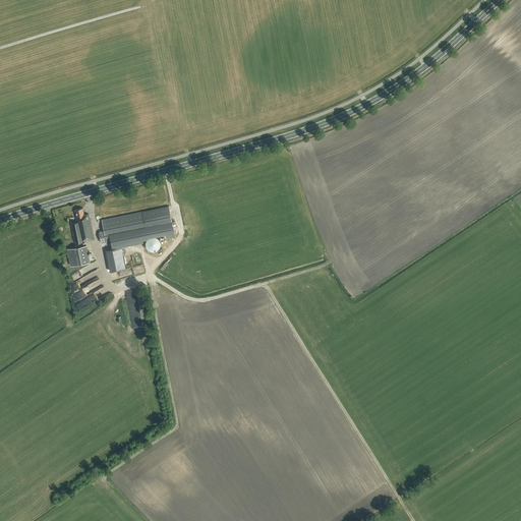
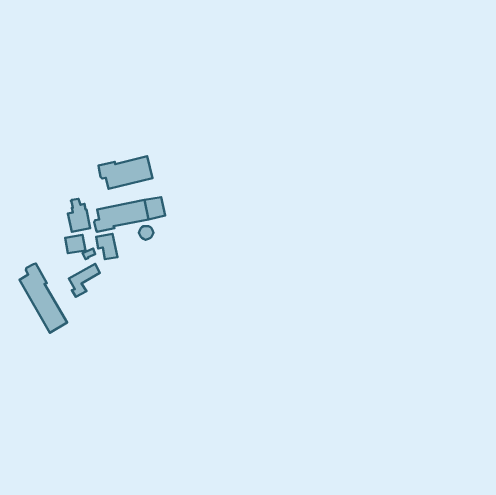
building: none -> [99,156,152,189]
building: none -> [19,264,67,333]

